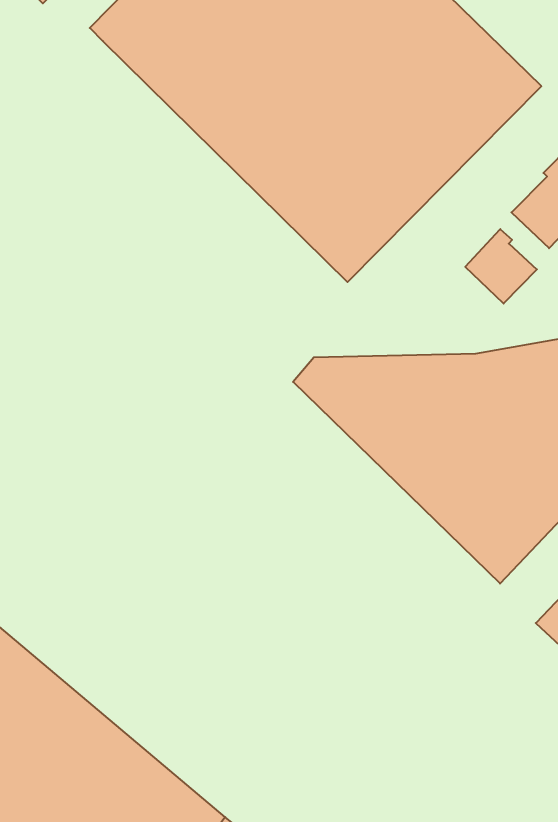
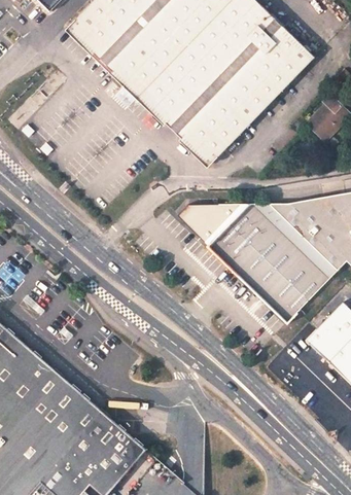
building: [465,229,537,304] -> none

